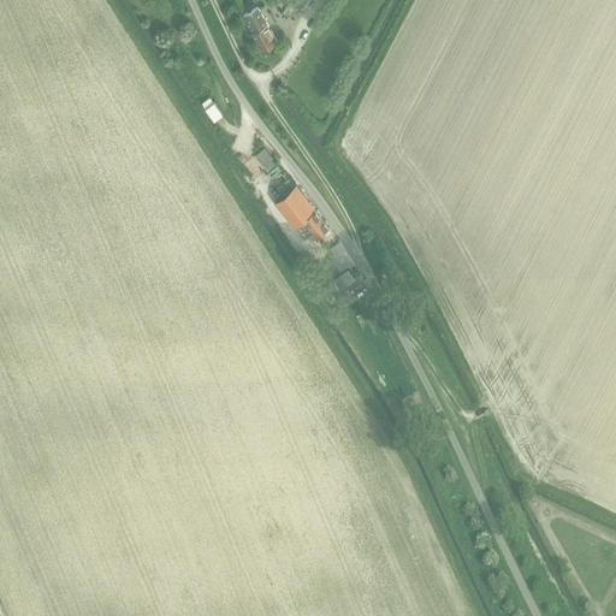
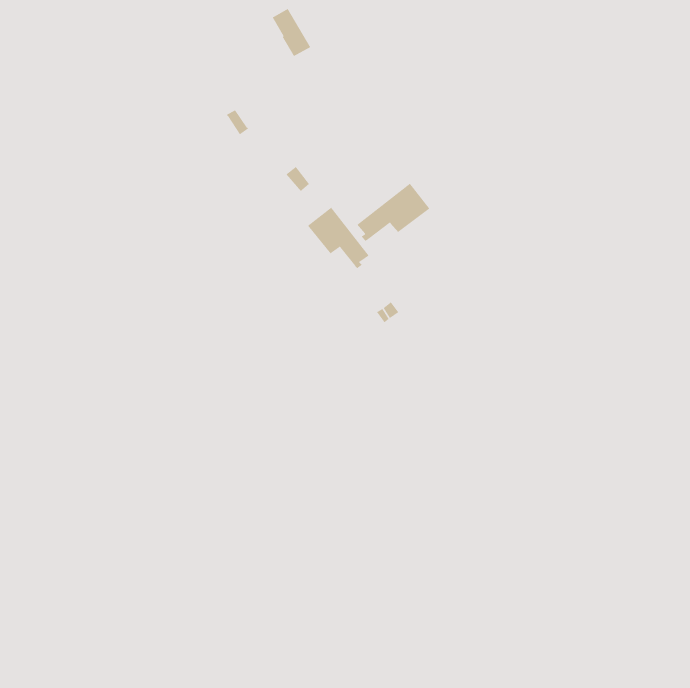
building: none -> [356,183,430,242]

